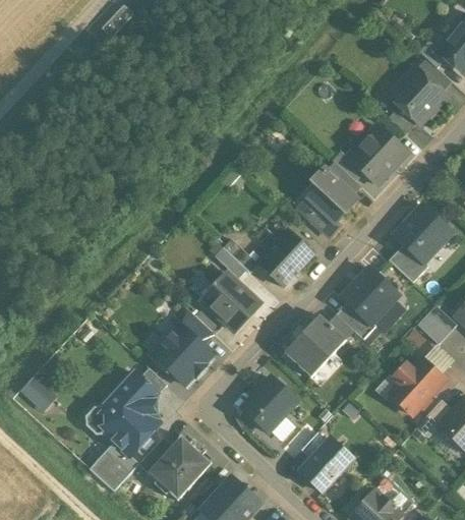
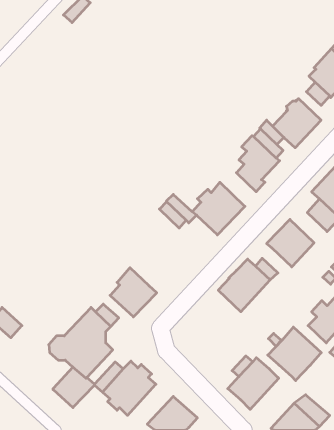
building: [202,275,259,332] -> none
building: [337,303,375,341] -> none
building: [176,310,215,348] -> none
building: [242,379,297,434] -> none
building: none -> [268,327,321,381]

